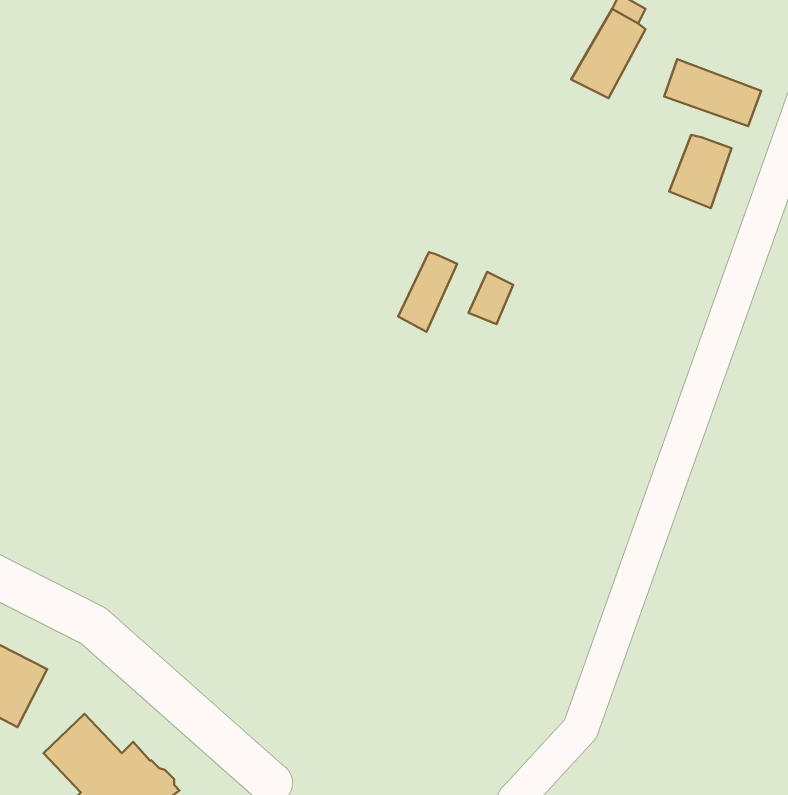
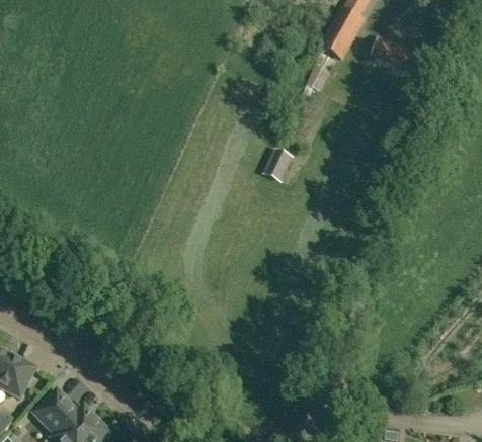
building: [669,135,732,208] -> none
building: [398,252,457,332] -> none

